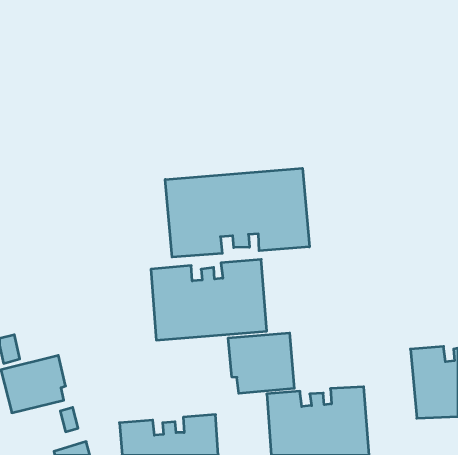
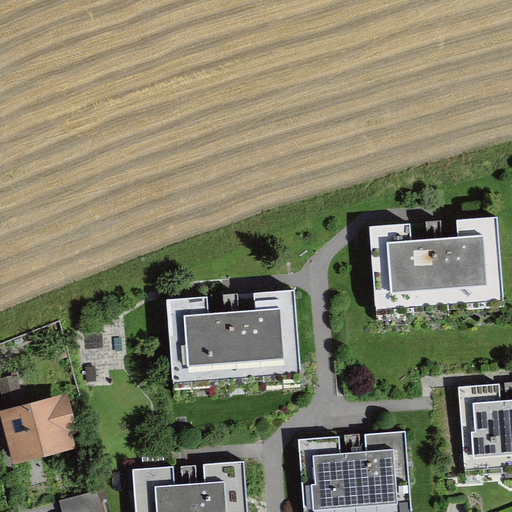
building: [165,168,309,257] -> none
building: none -> [371,219,500,309]
building: [228,333,294,393] -> none

